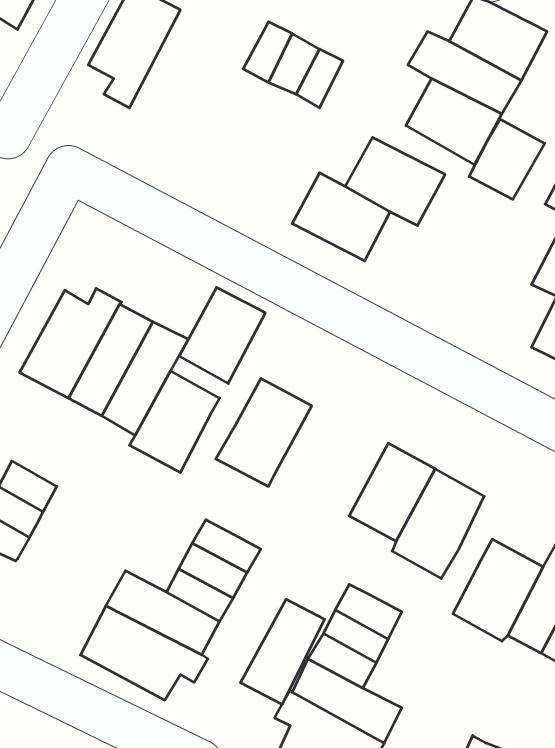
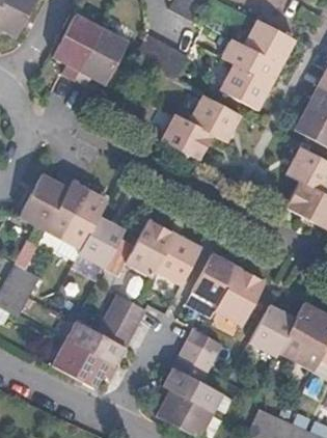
building: none -> [76,26,130,84]
building: [469,119,545,199] -> none
building: [179,287,265,384] -> [153,236,198,286]
building: [240,599,325,705] -> none

